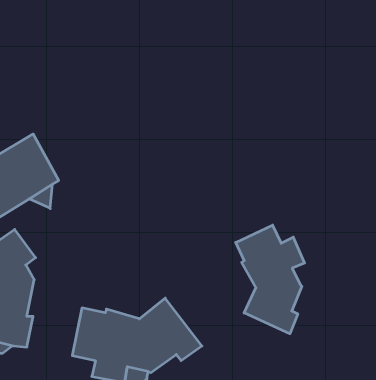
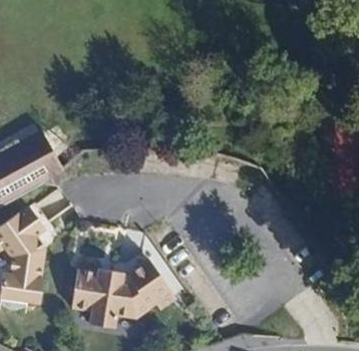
building: [236,225,305,334] -> none

